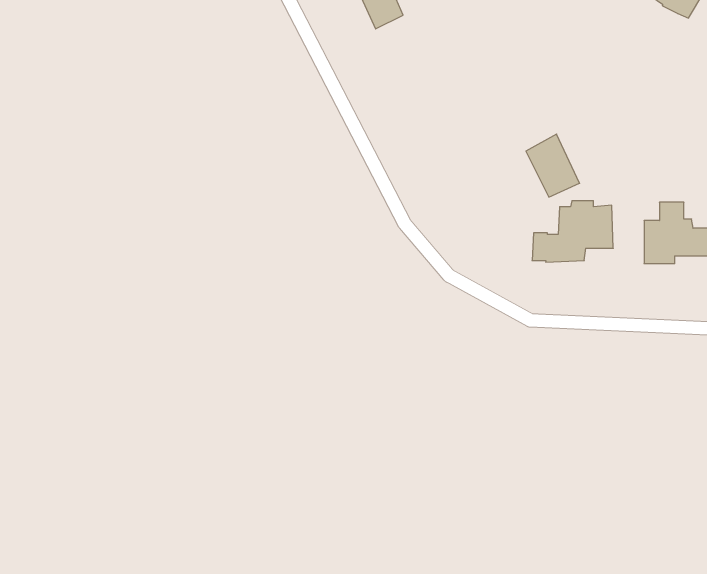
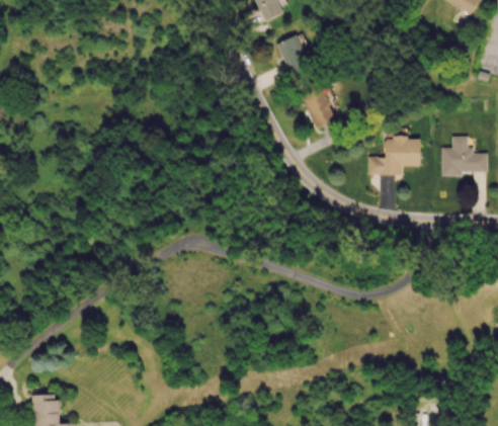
building: none -> [275,34,312,78]
building: [526,134,580,197] -> [302,87,337,129]

